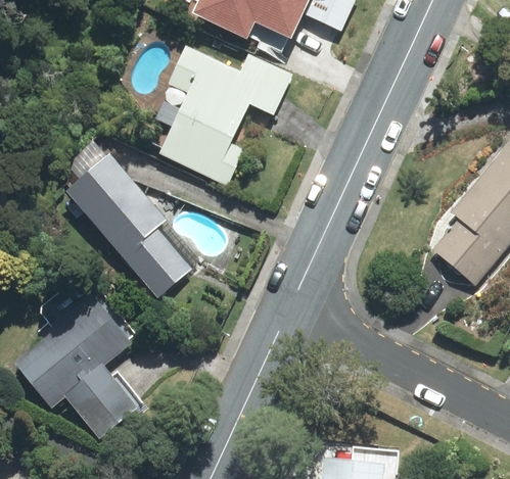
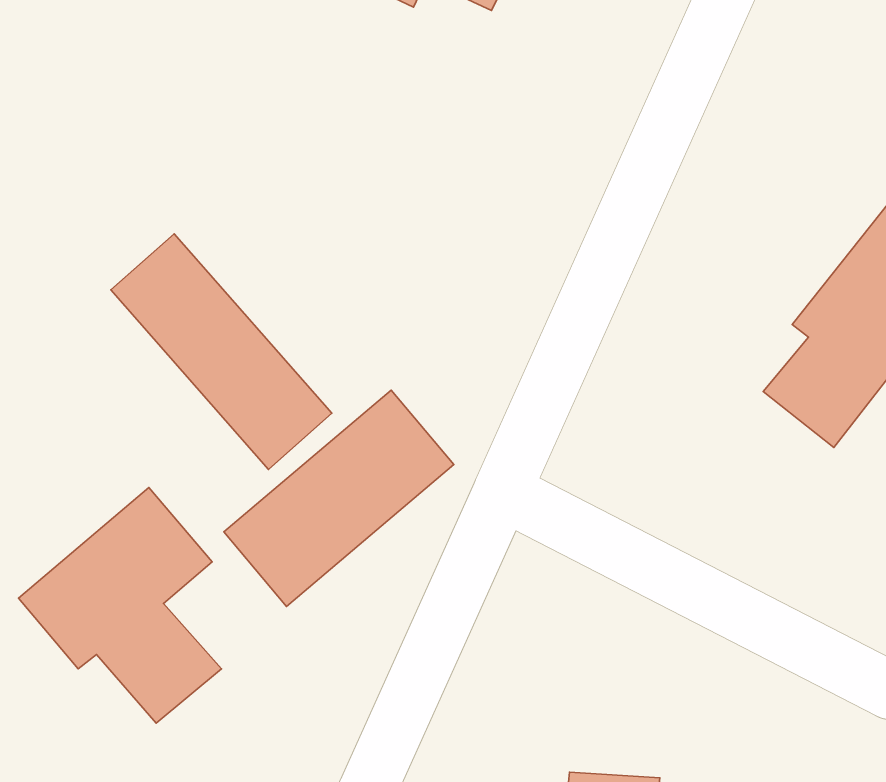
building: [163,50,287,178] -> none
building: none -> [224,390,454,606]

